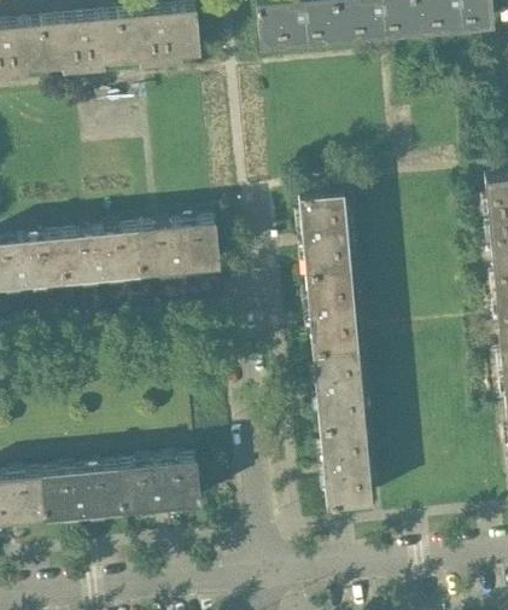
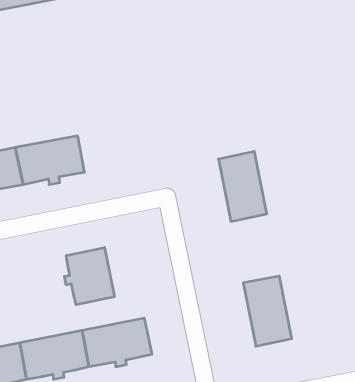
building: [299,194,351,277] -> none
building: [139,223,221,279] -> none
building: [314,349,366,430] -> none
building: none -> [64,247,114,305]

